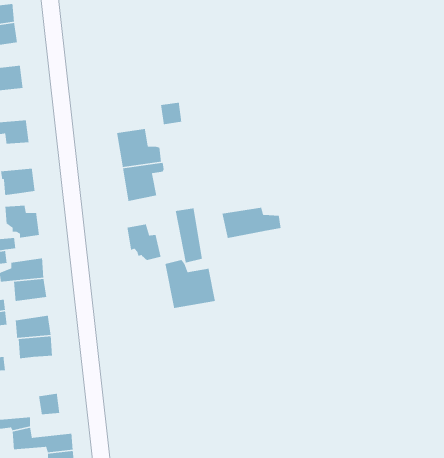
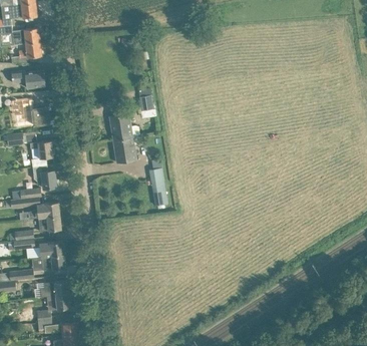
building: [221,207,282,239] -> none
building: [126,223,162,261] -> none
building: [165,259,216,309] -> none
building: none -> [40,280,68,297]

